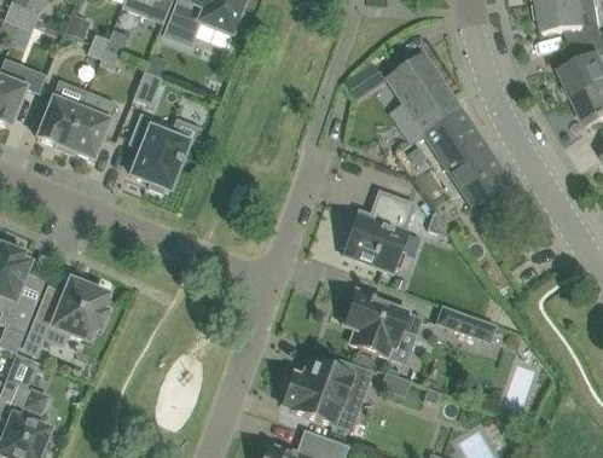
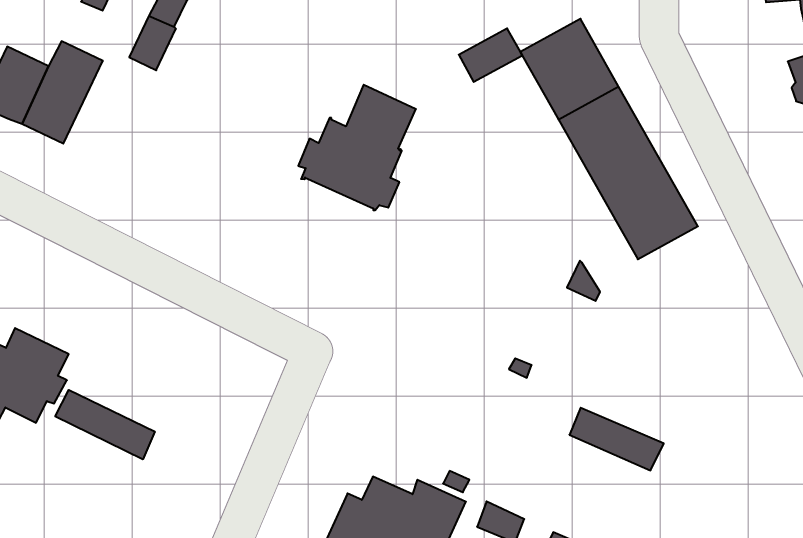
building: [132,117,189,193] -> none
building: [341,191,414,272] -> [298,85,416,210]
building: [341,289,423,358] -> none
building: none -> [55,390,155,459]

